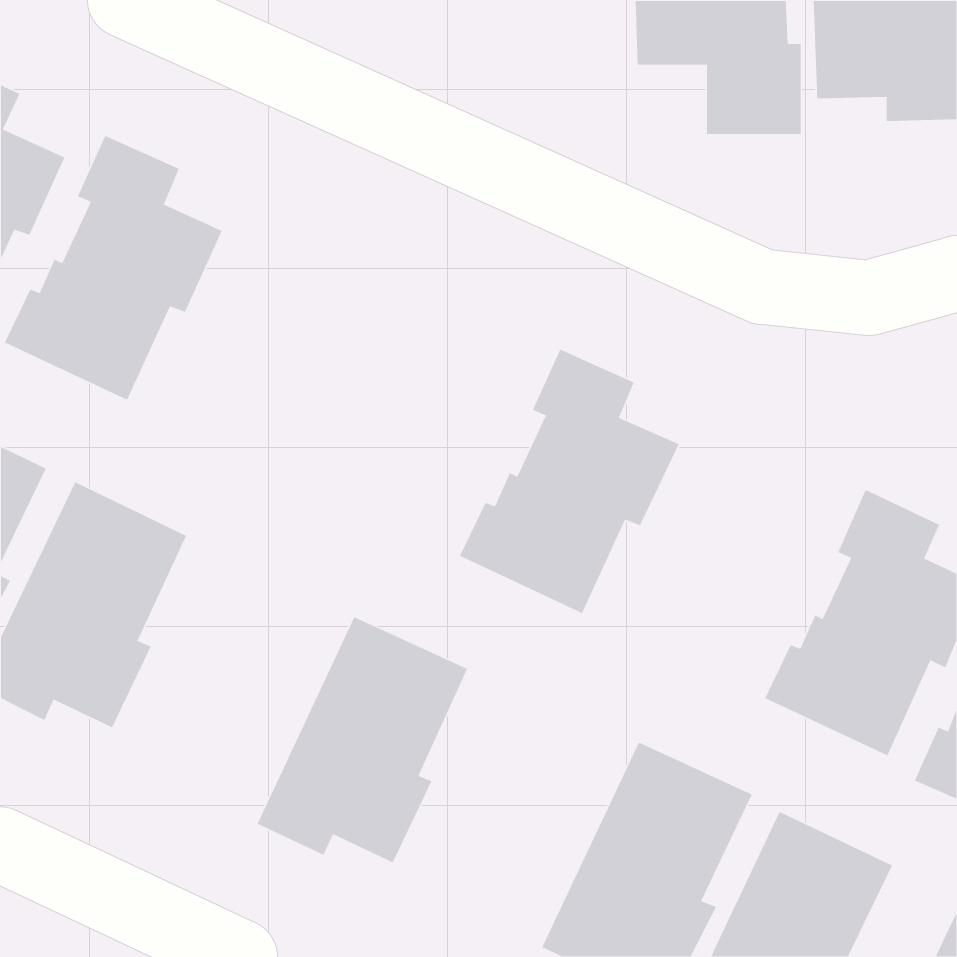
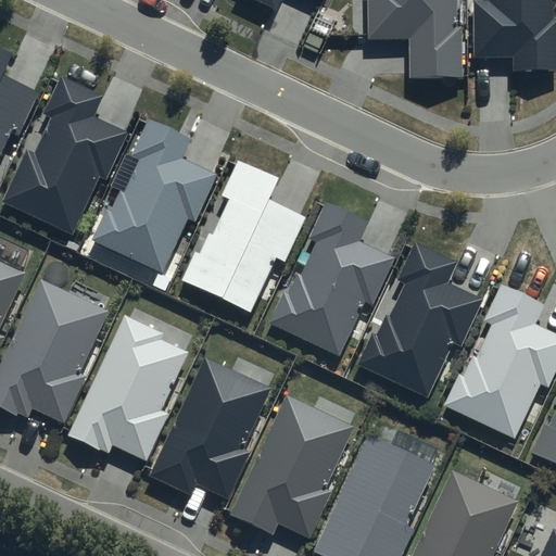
building: none -> [89,118,217,273]
building: none -> [179,160,307,314]
building: none -> [355,242,483,396]
building: none -> [66,319,189,463]
building: none -> [232,395,356,540]

